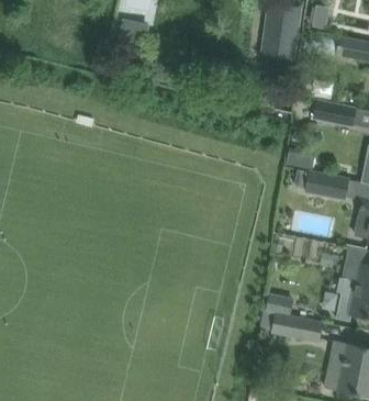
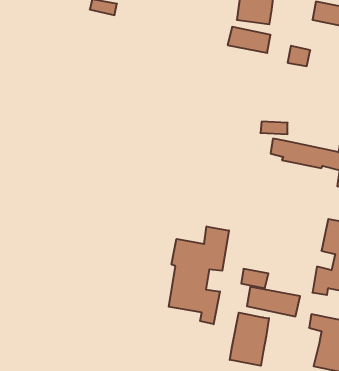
building: [313,100,355,125] -> [228,27,271,53]
building: none -> [169,226,229,324]
building: none -> [230,313,269,366]

